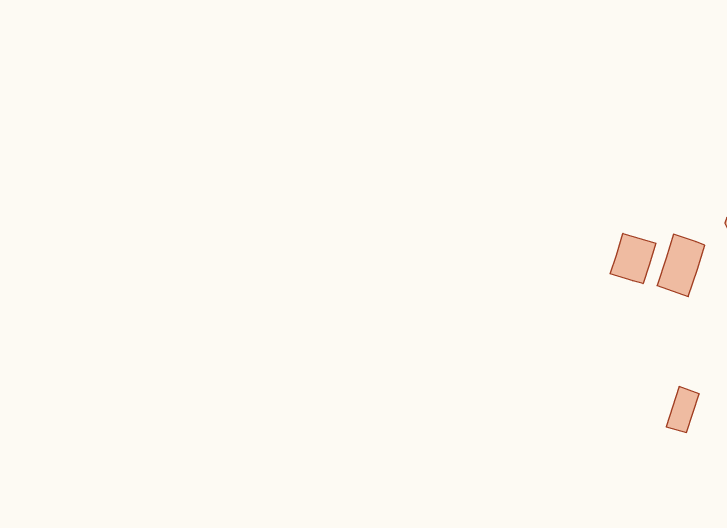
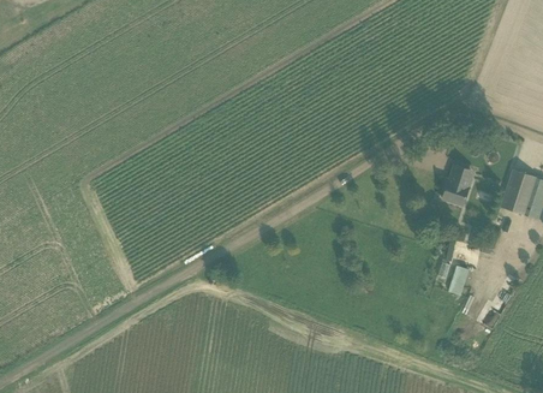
building: [610,233,656,284] -> none

